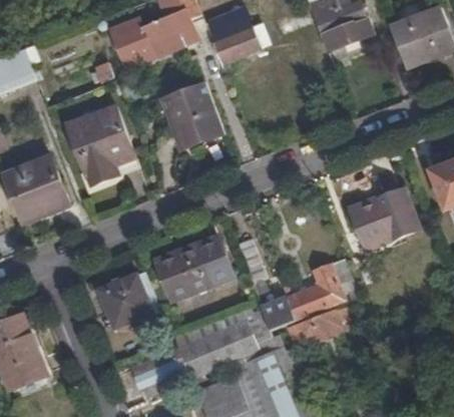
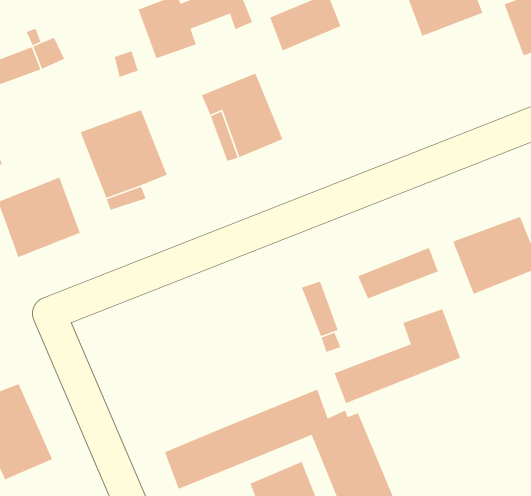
building: [157,240,232,301] -> none
building: [98,277,150,328] -> none
building: [287,308,349,348] -> [357,247,439,300]

